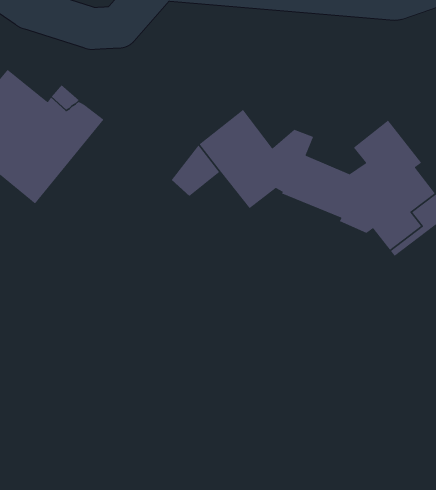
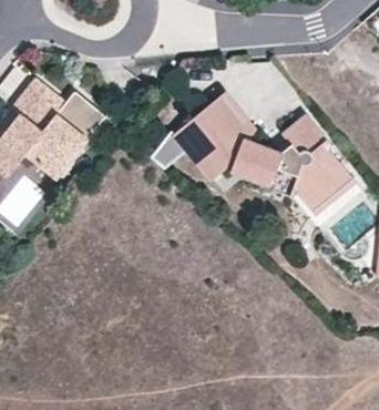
building: none -> [205,92,256,136]

